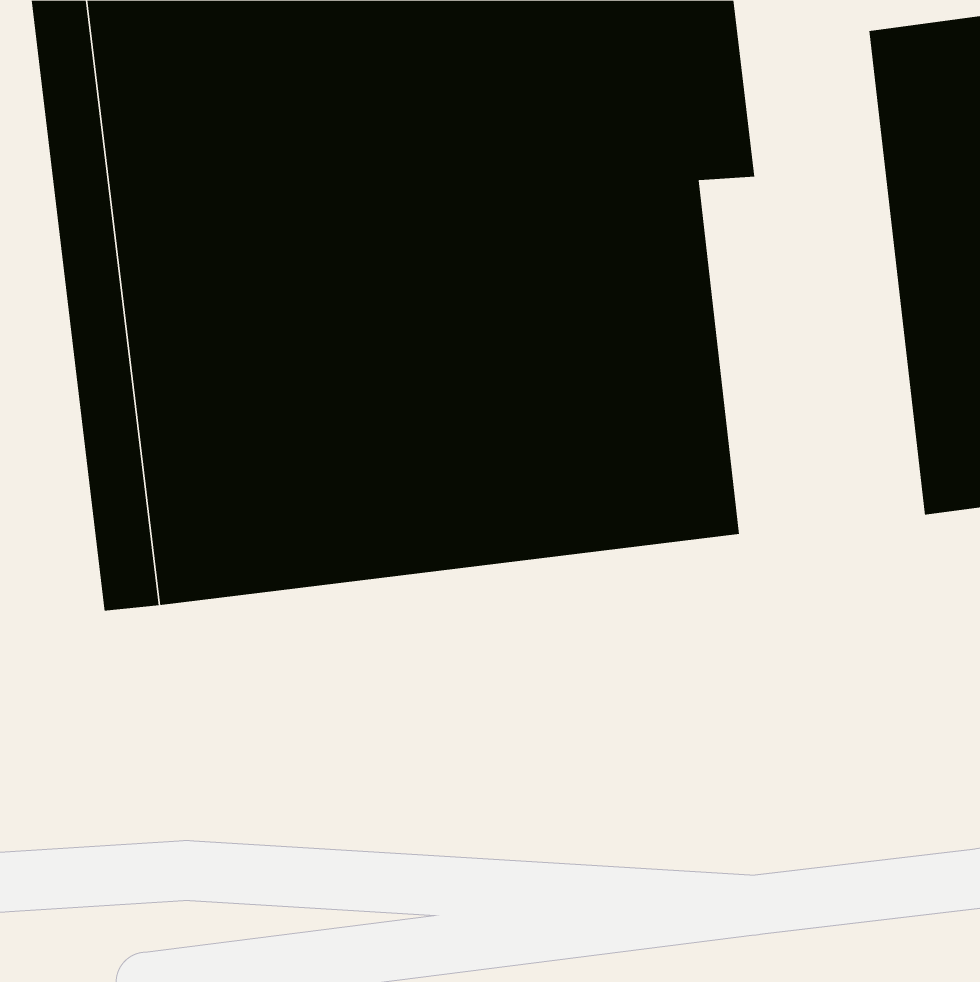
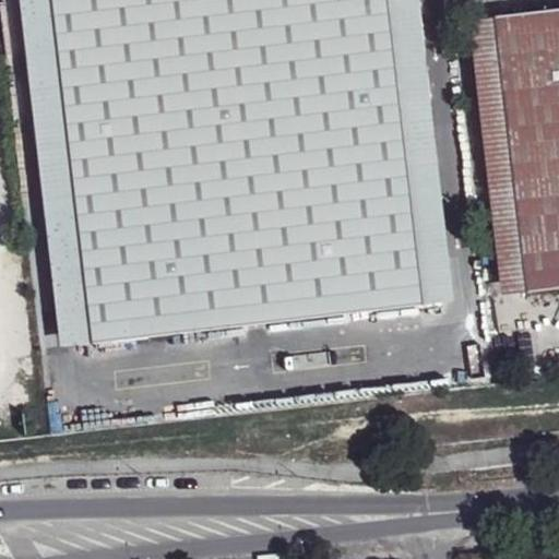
building: none -> [468,17,526,295]
building: none -> [399,100,453,304]

